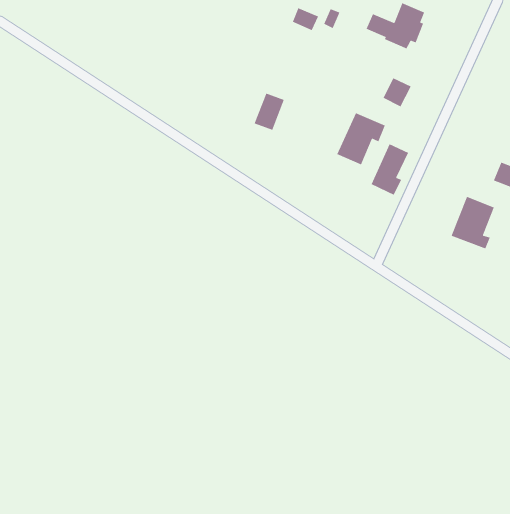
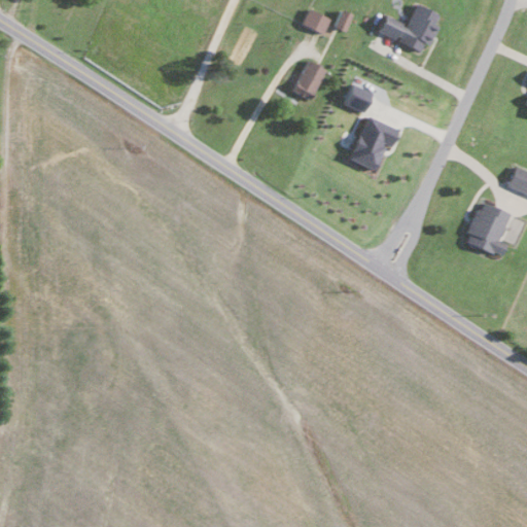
building: [383,77,412,107] -> [344,82,374,113]
building: [254,93,285,131] -> [294,61,326,100]
building: [370,143,409,196] -> none

